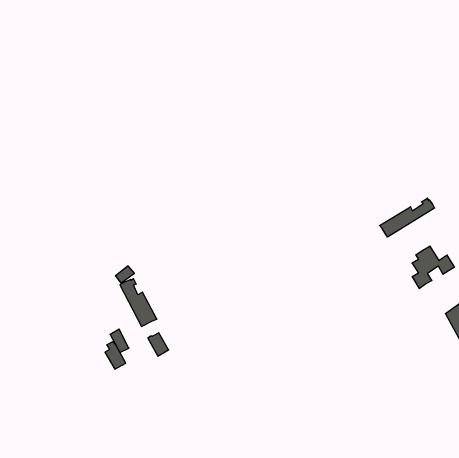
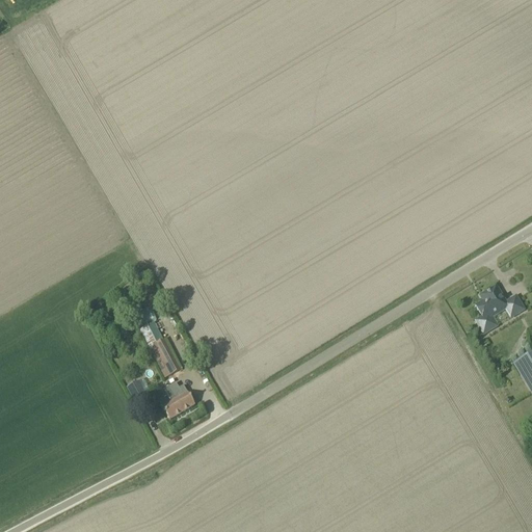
building: [380,198,435,237] -> none
building: [105,341,126,369] -> [160,385,184,418]

